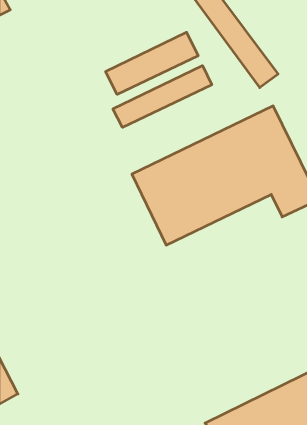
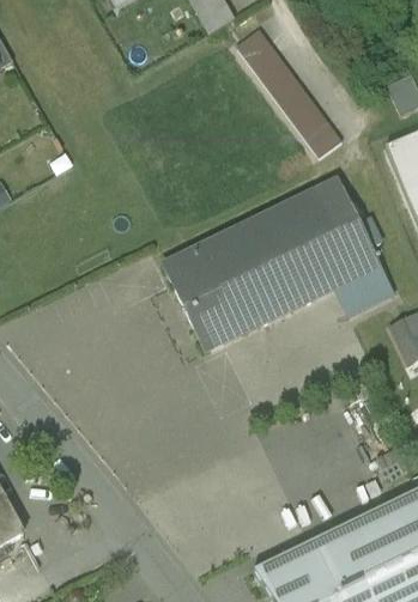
building: [106,32,198,94] -> none
building: [113,66,212,127] -> none

